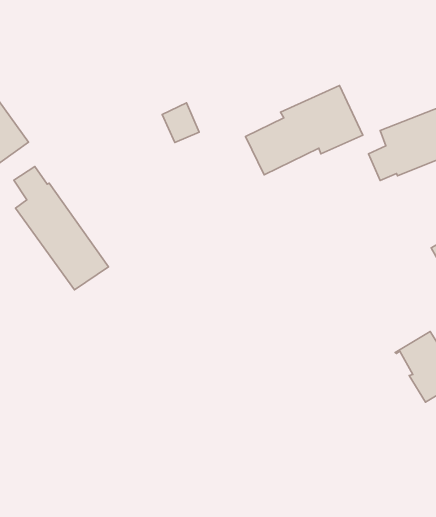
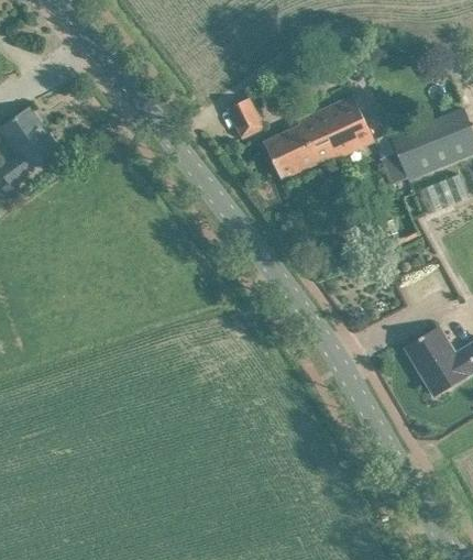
building: [162,103,199,142] -> [228,100,263,138]
building: [14,166,108,290] -> none

